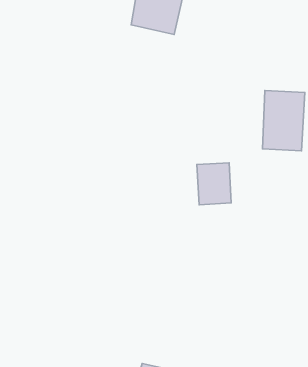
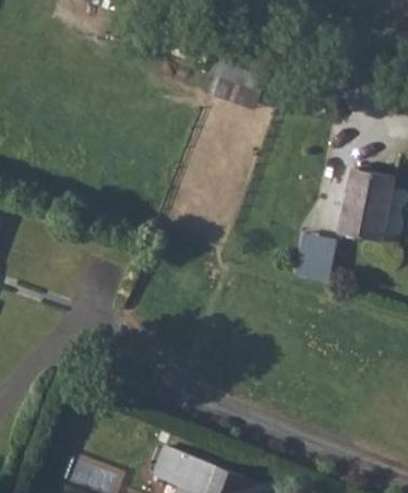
building: [197,163,231,205] -> [295,235,334,281]

